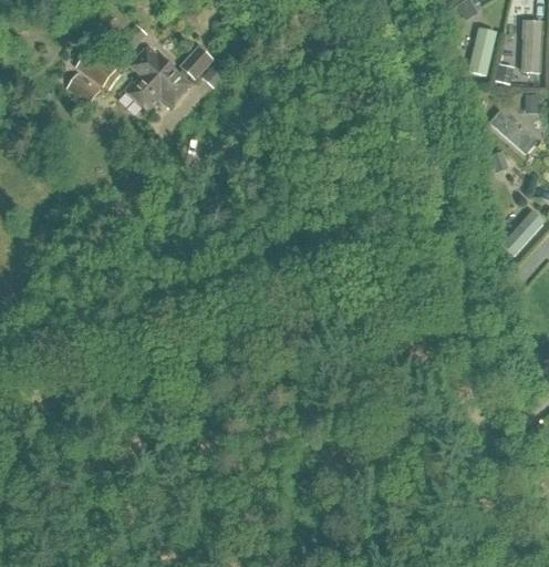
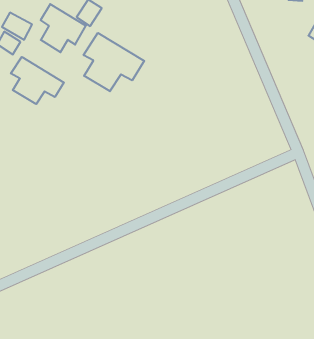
building: none -> [84,33,144,91]
building: none -> [11,57,64,104]

